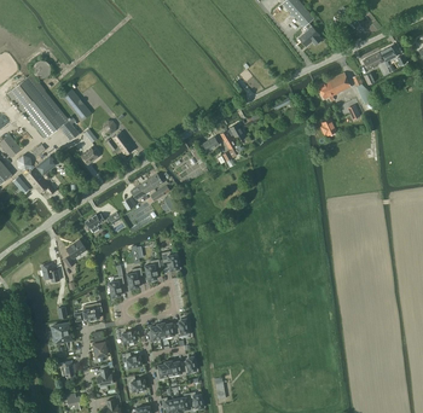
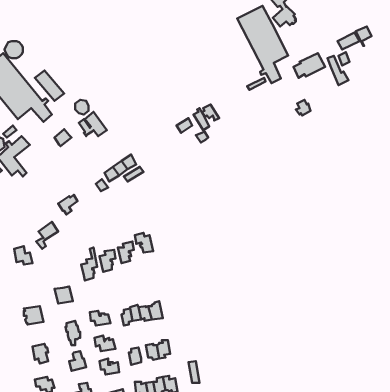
building: none -> [237,6,288,83]

